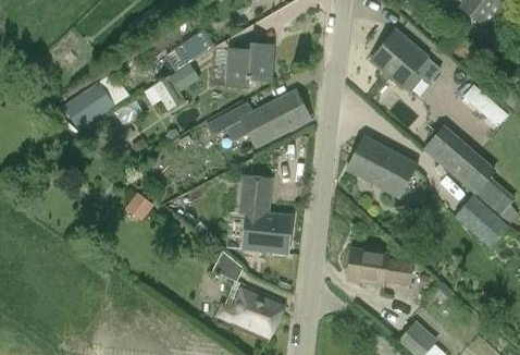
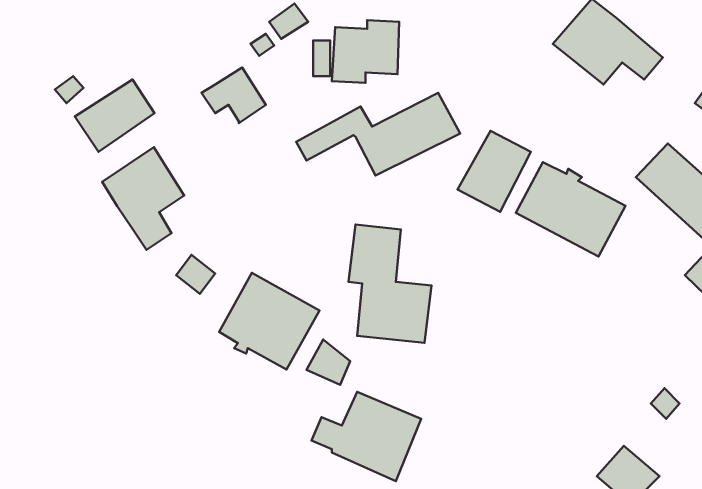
building: none -> [458,131,531,212]
building: none -> [102,147,184,250]
building: none -> [219,273,319,370]
building: [347,248,413,286] -> none

